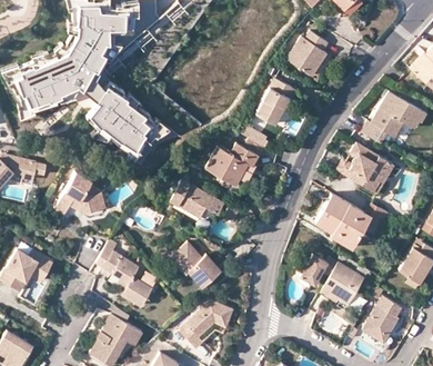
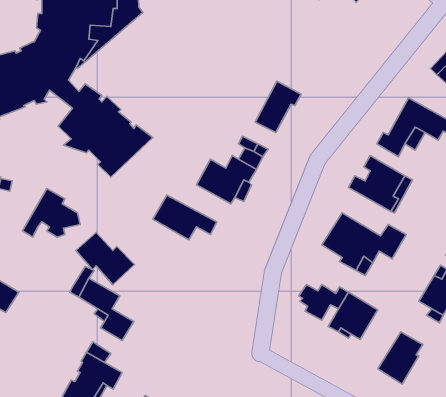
building: [289,32,330,77] -> none
building: [170,241,221,287] -> [76,233,135,285]
building: [180,299,234,347] -> none

